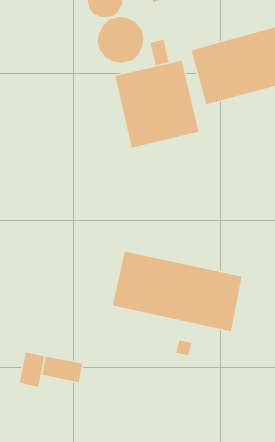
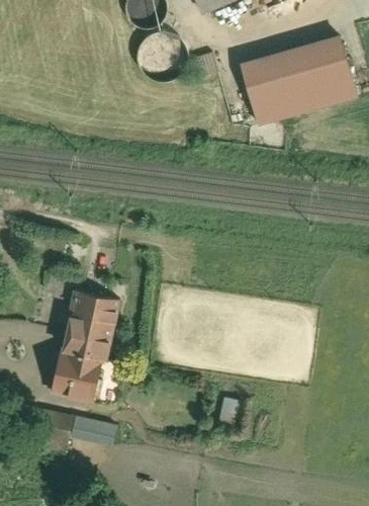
building: [114,60,200,149] -> none
building: none -> [45,282,121,397]
building: [112,251,243,332] -> none

